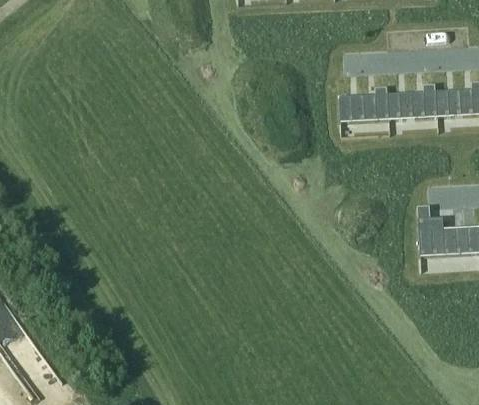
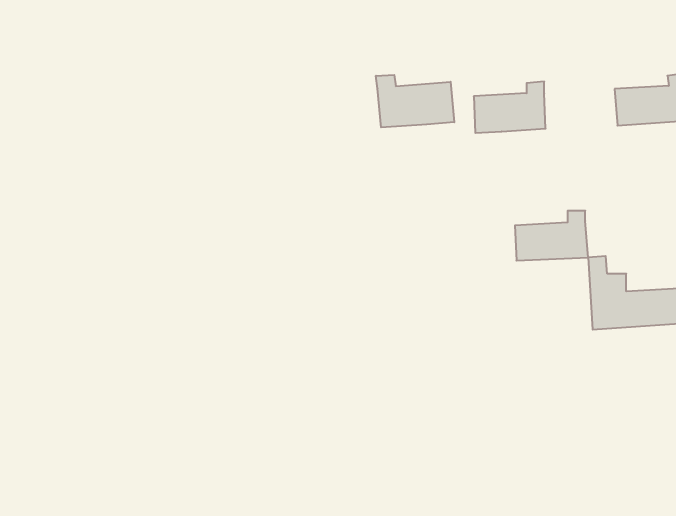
building: none -> [376,75,454,127]
building: [388,84,438,118] -> [515,211,588,261]

